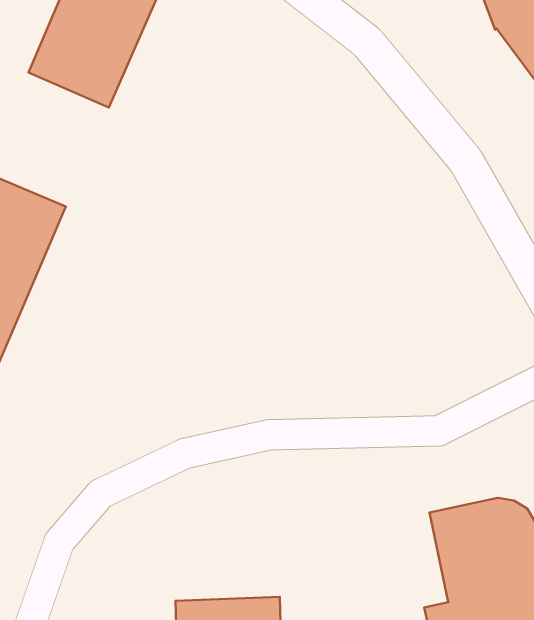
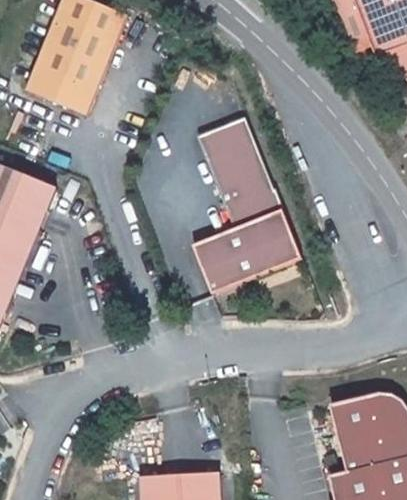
building: none -> [193,113,302,290]

